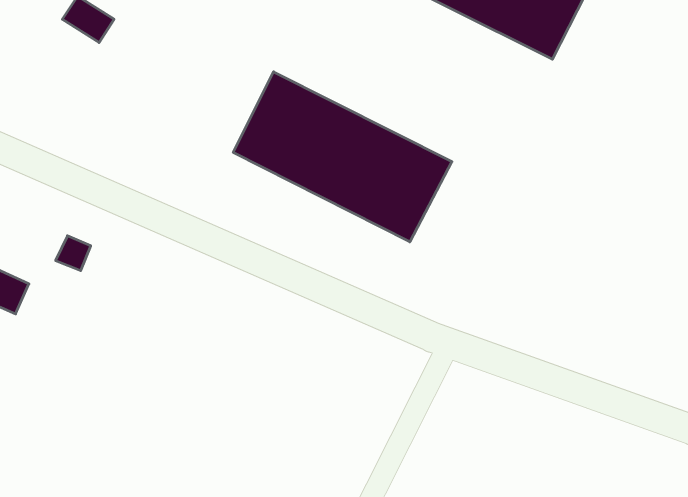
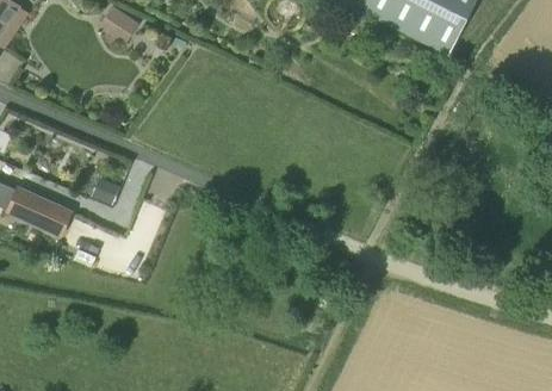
building: [233,72,452,242] -> none

